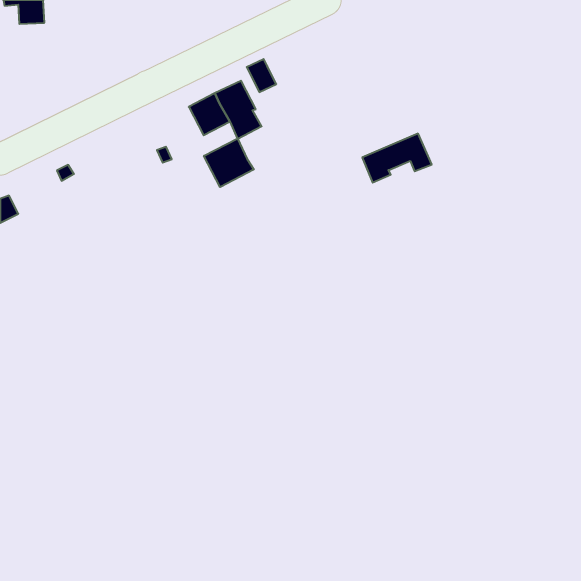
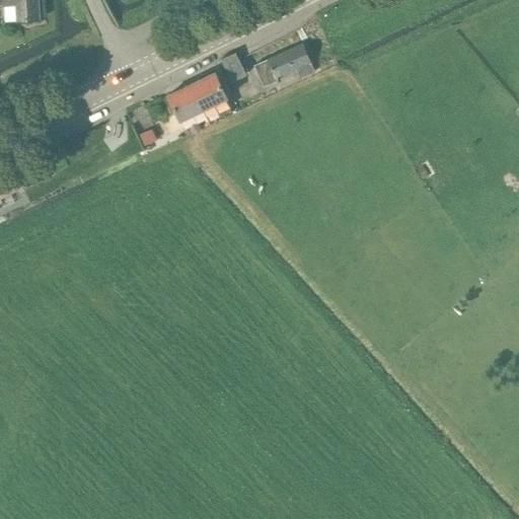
building: [362,134,432,183] -> [253,44,315,87]
building: [204,138,254,187] -> none

